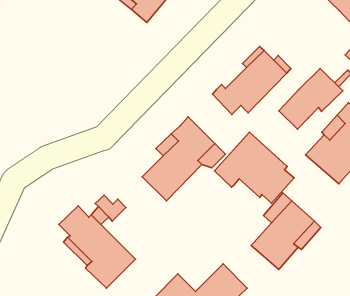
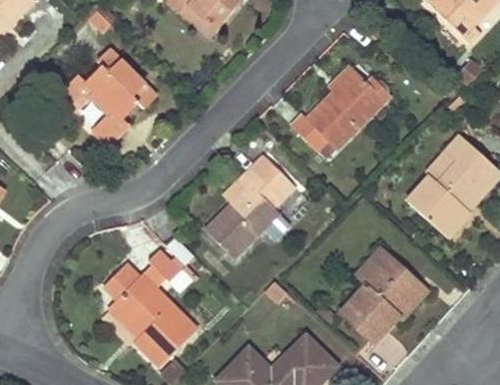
building: none -> [58,49,155,145]
building: [279,68,343,129] -> none
building: [214,132,294,203] -> none

